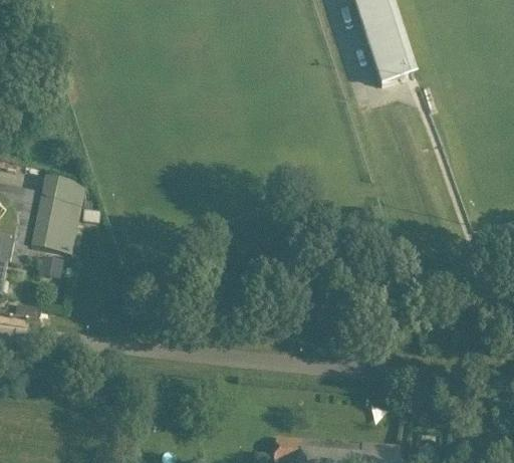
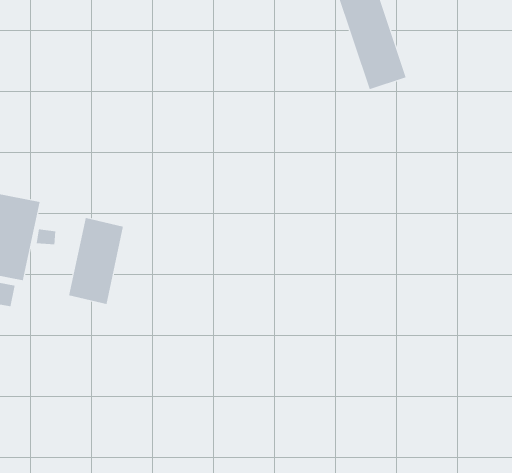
building: none -> [69,217,124,305]

